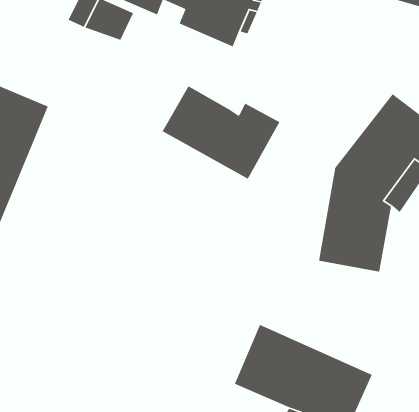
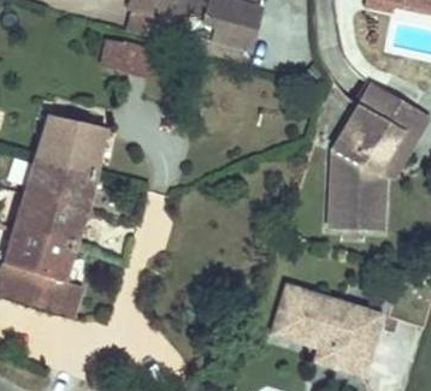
building: [161,85,280,180] -> none

